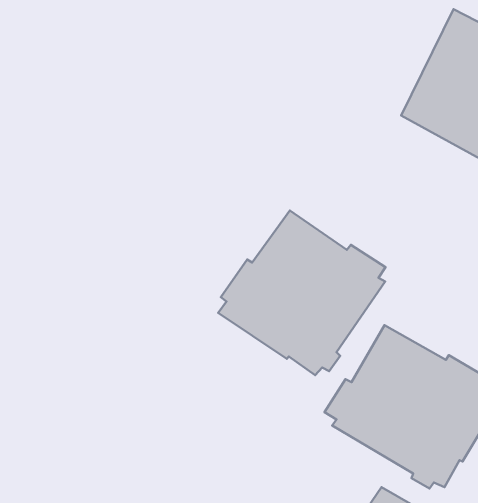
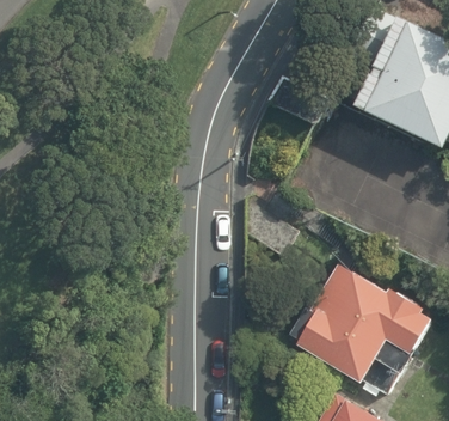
building: [218,211,385,375] -> none

